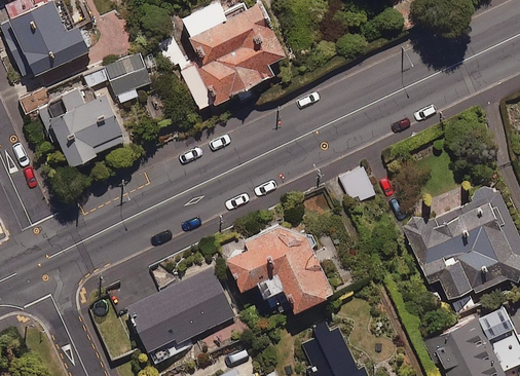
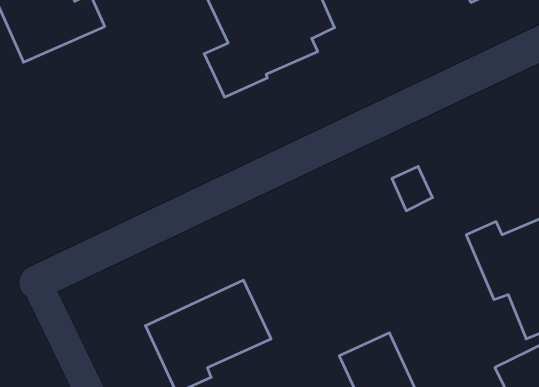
building: [11,52,152,165] -> none
building: [226,216,336,310] -> none

